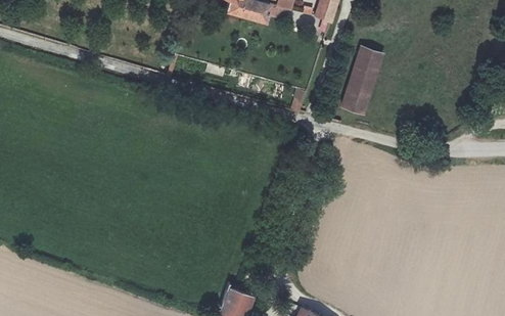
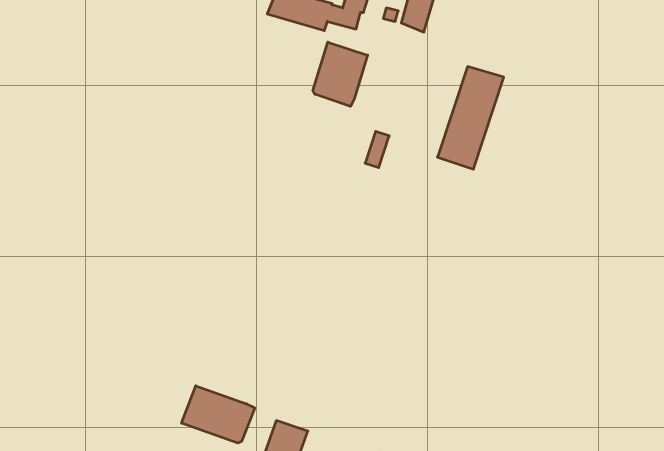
building: none -> [313,42,368,106]
building: none -> [182,386,255,443]

